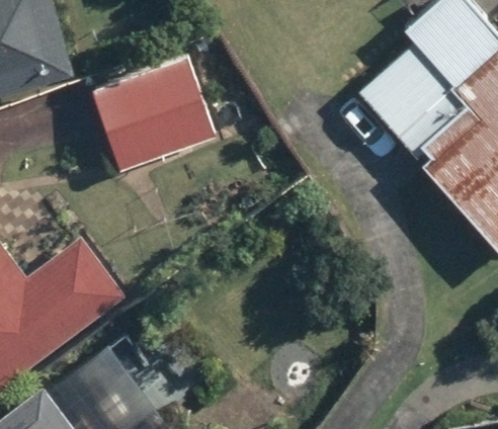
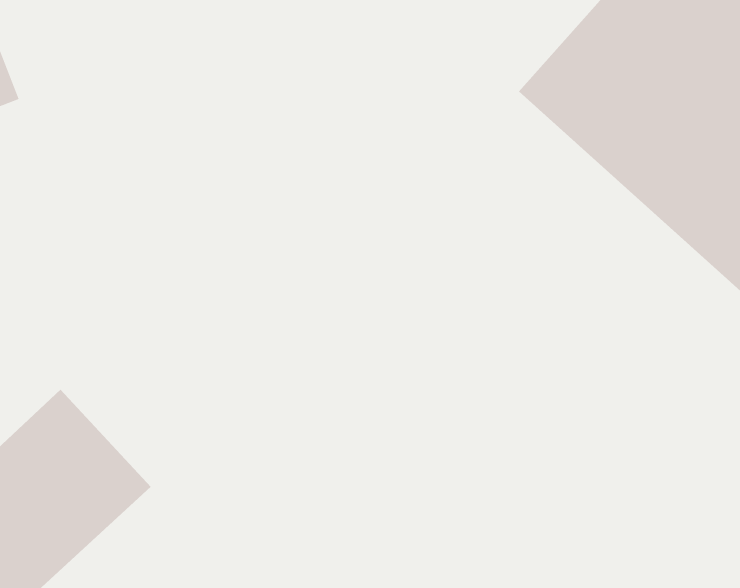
building: [90,57,219,172] -> none

